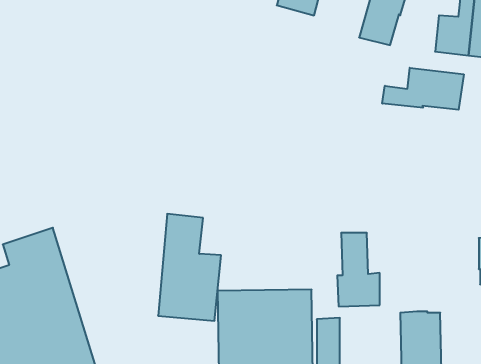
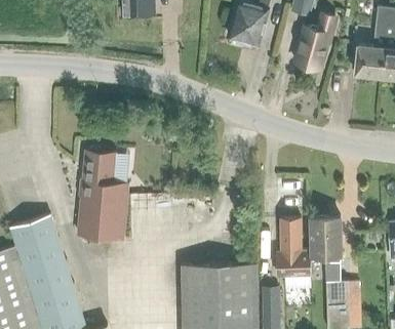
building: [382,68,464,110] -> none
building: [158,214,221,321] -> [79,151,129,236]
building: none -> [311,217,342,274]

